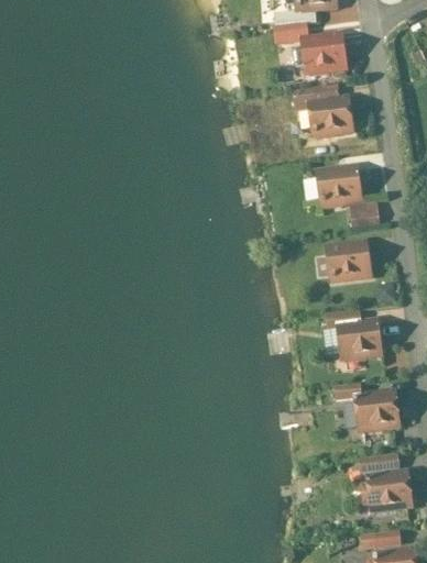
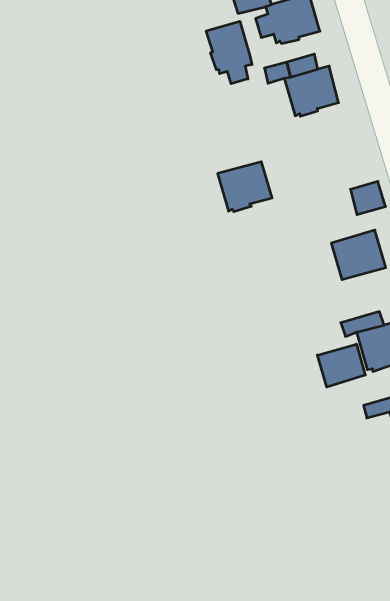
building: none -> [206,21,252,84]
building: [317,167,360,206] -> [218,162,272,212]
building: none -> [317,344,365,387]

